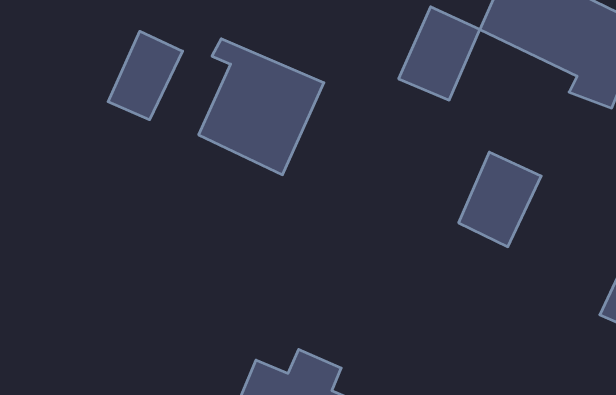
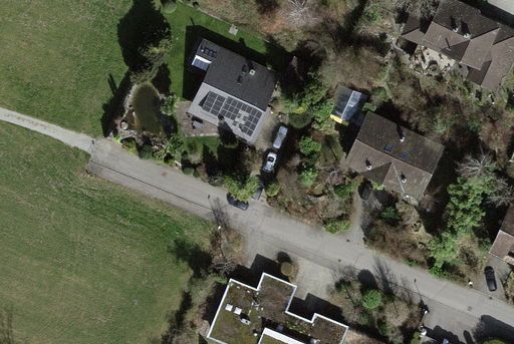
building: [399,7,480,100] -> [344,109,406,180]
building: [108,31,183,120] -> none

